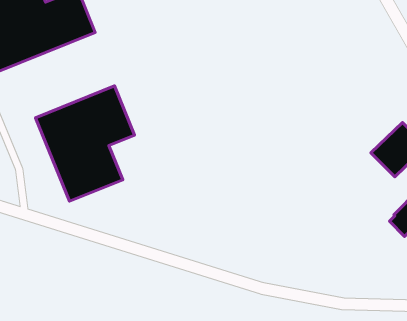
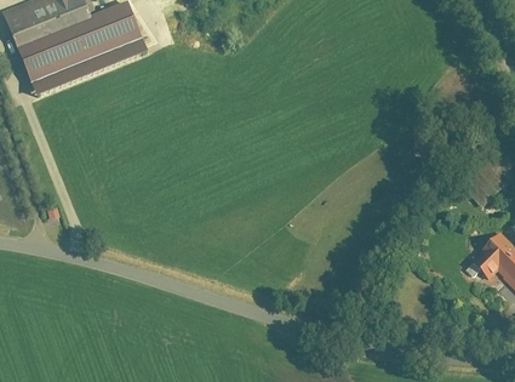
building: [35,86,134,201] -> none

